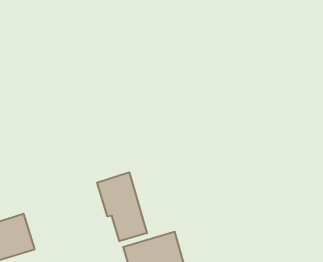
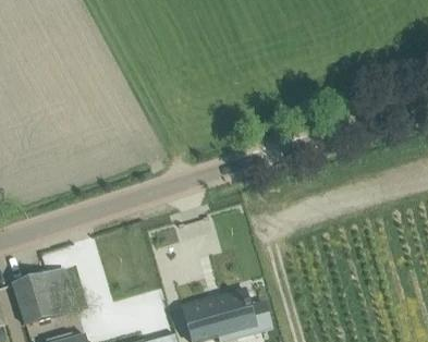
building: [97,172,147,241] -> none

